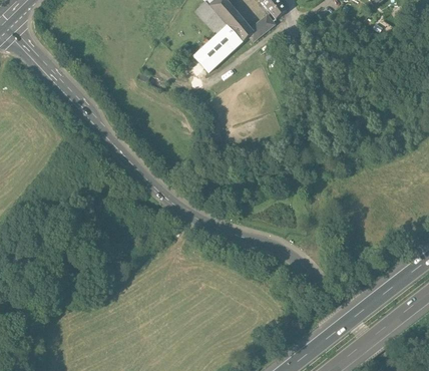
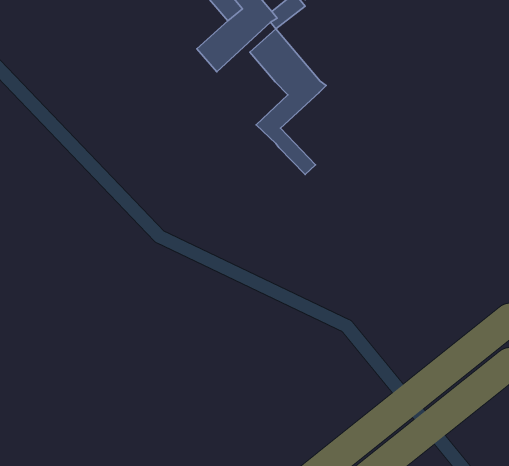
building: none -> [250,29,326,175]

